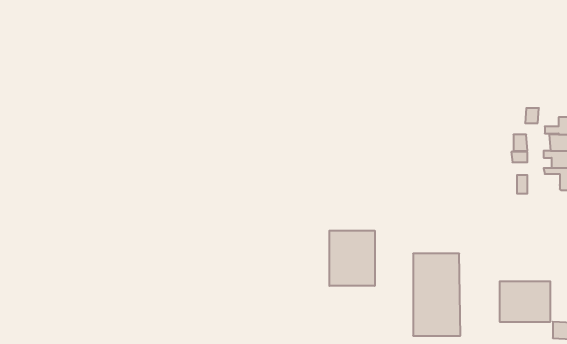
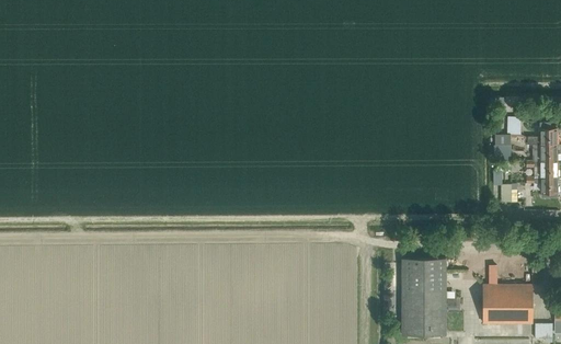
building: [329,231,375,286] -> none

